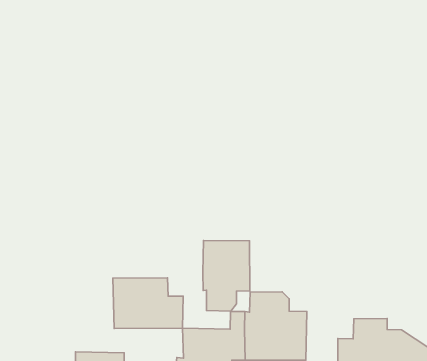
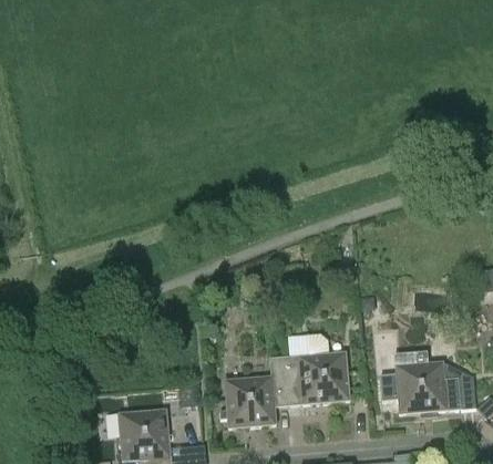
building: [203,240,250,311] -> none
building: [113,278,183,328] -> none

